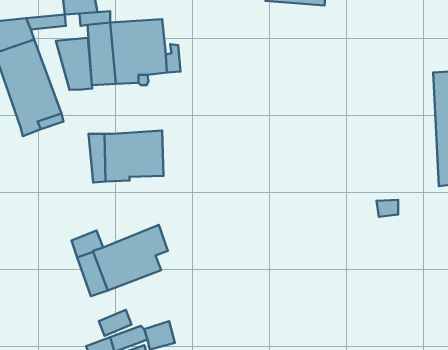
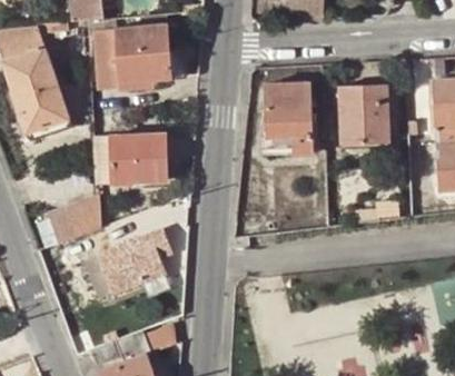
building: [56,38,92,90] -> none
building: none -> [267,81,314,152]
building: none -> [338,82,392,144]
building: none -> [47,194,105,245]

